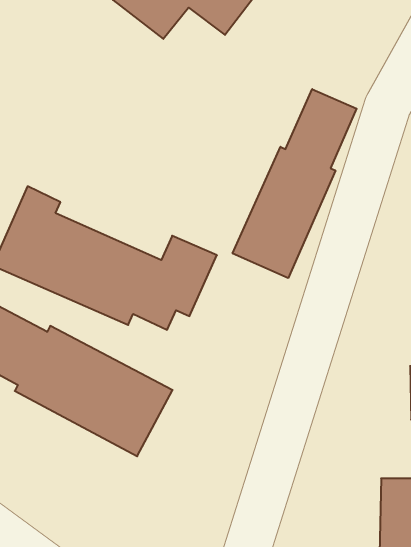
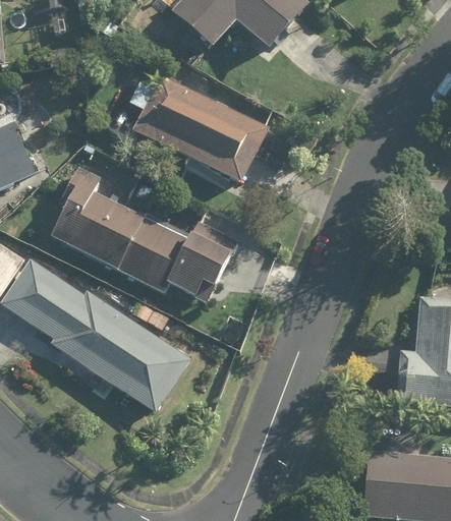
building: none -> [129,75,268,186]
building: [233,89,357,278] -> none

